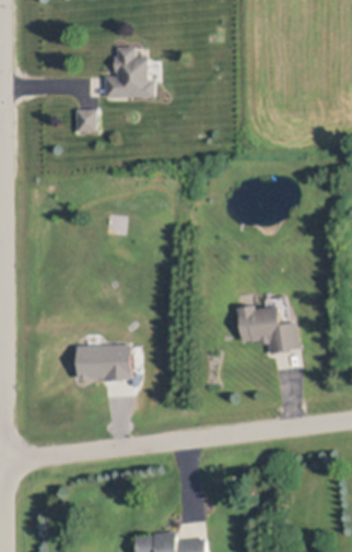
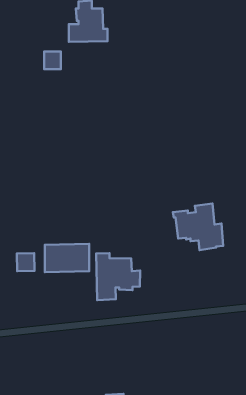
building: none -> [96,253,140,300]
building: none -> [17,253,34,271]

